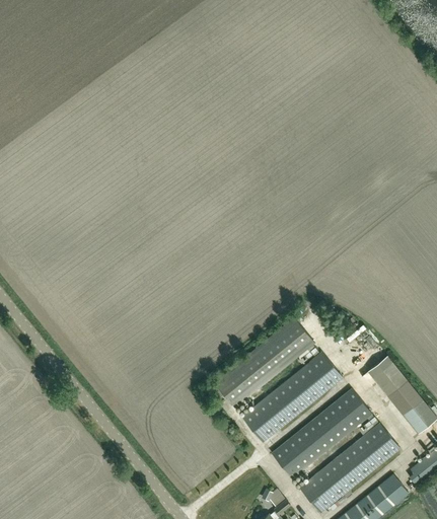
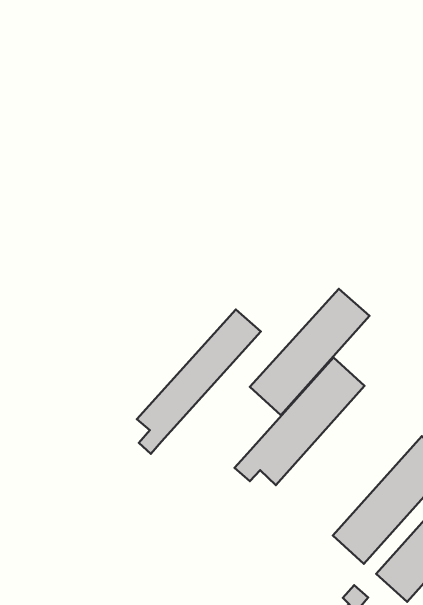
building: none -> [137,309,261,454]
building: [241,353,342,442] -> [250,289,370,415]

